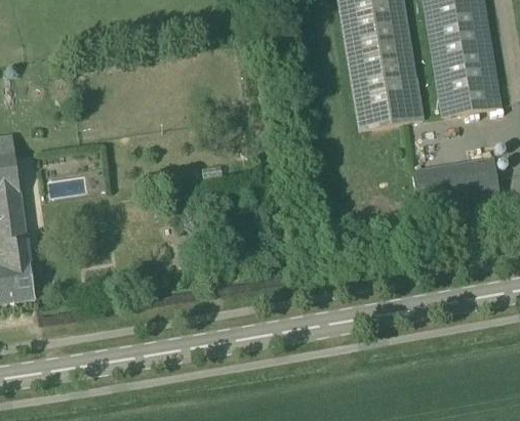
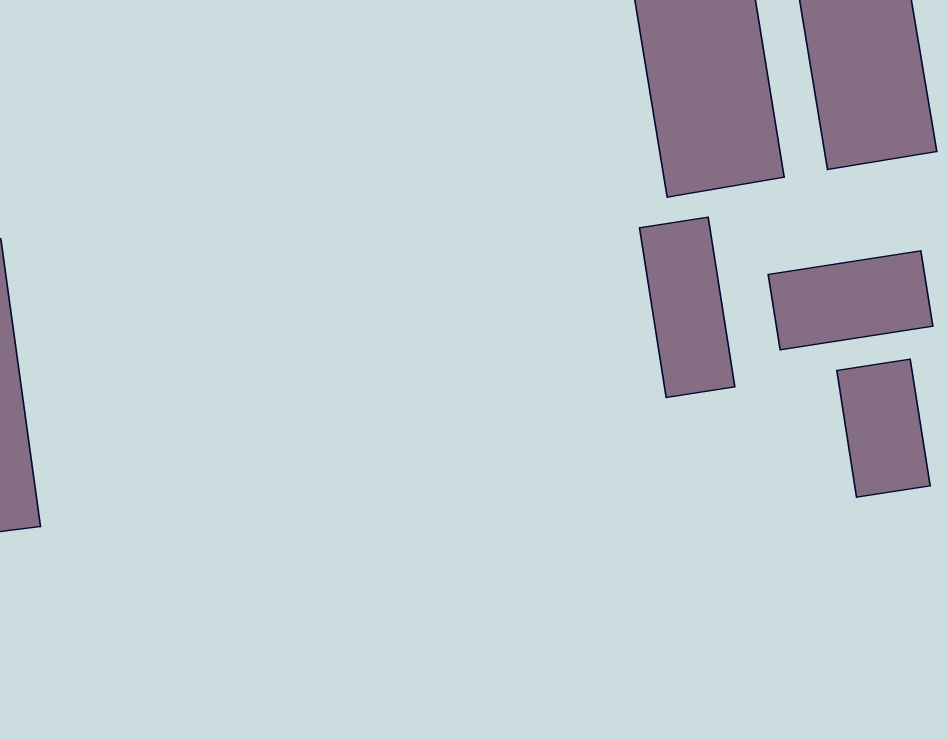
building: none -> [640,217,735,397]
building: none -> [837,359,930,497]

